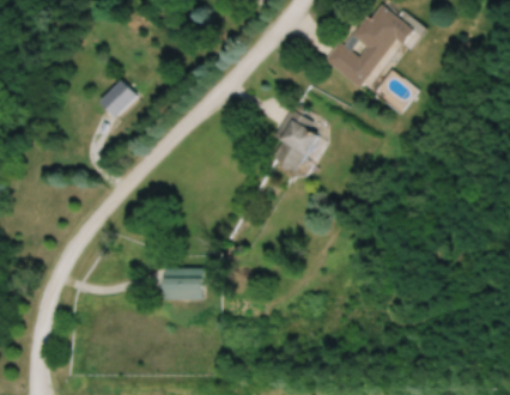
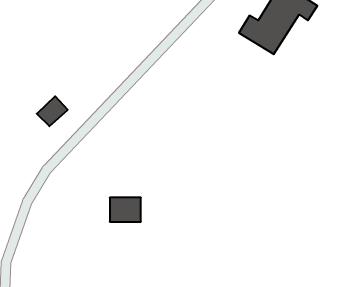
building: [97,79,135,116] -> [37,96,68,126]
building: [273,109,318,175] -> none

